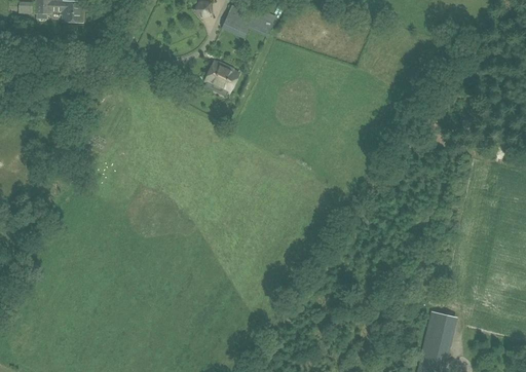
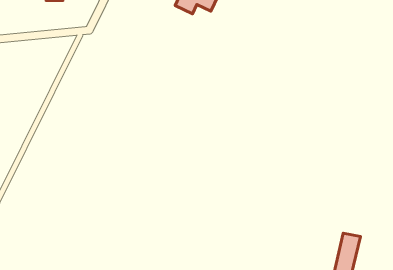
building: [206,62,239,91] -> none

